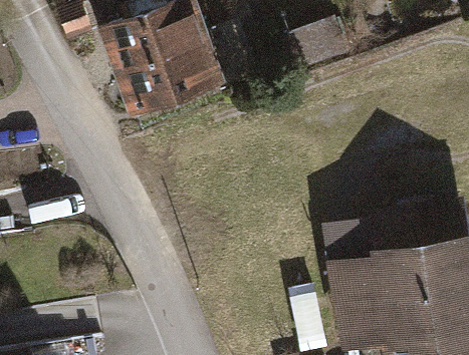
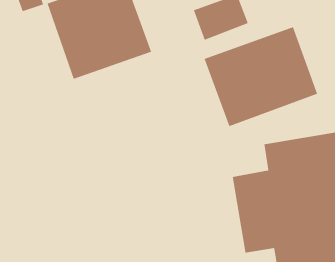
building: none -> [203,26,318,127]

